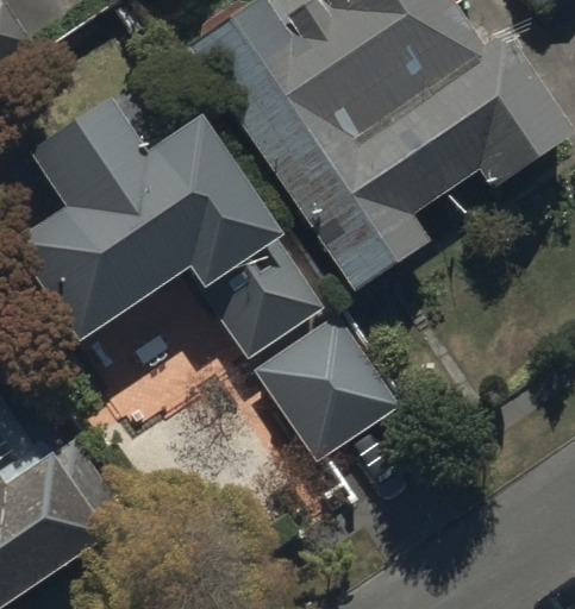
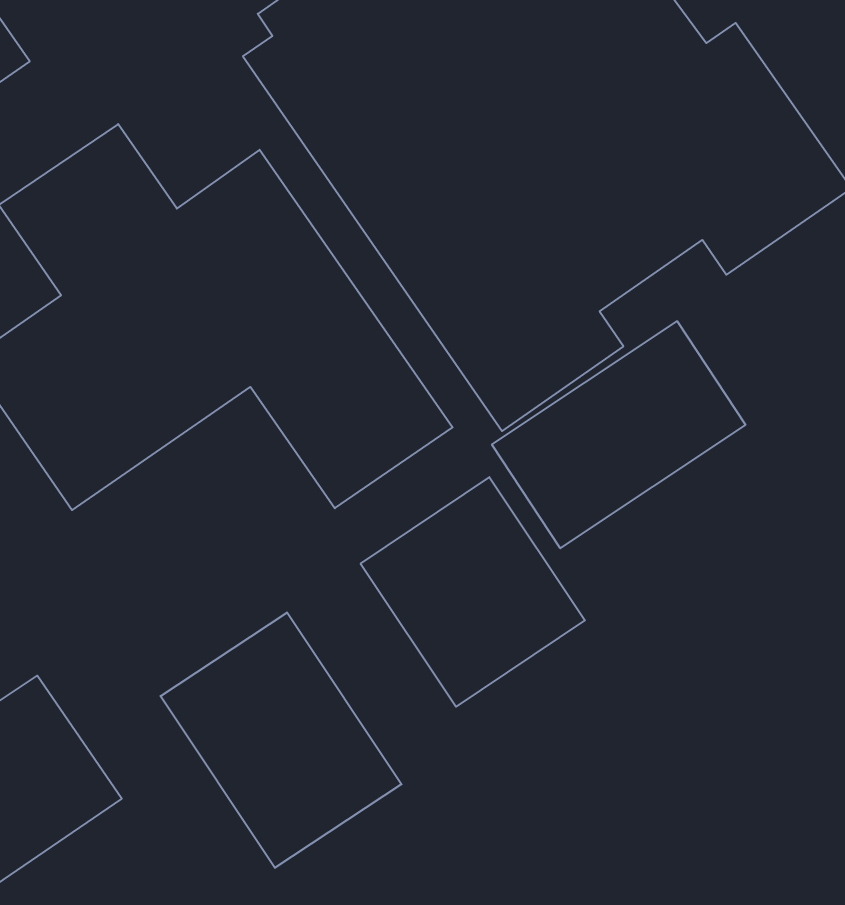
building: none -> [492,321,745,548]
building: none -> [160,612,402,868]

